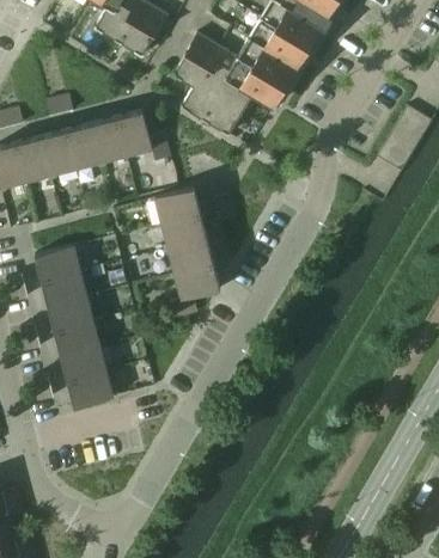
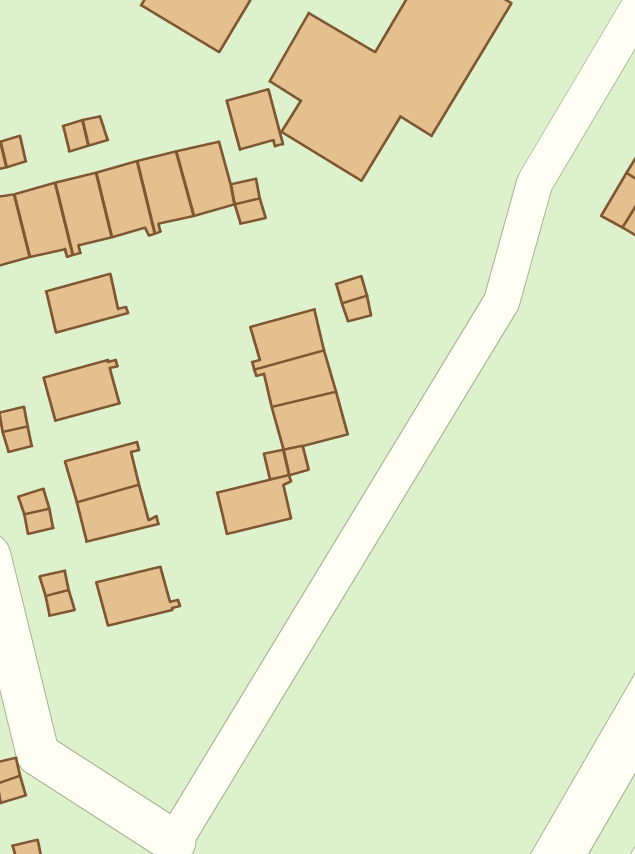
building: none -> [227,89,283,150]
building: [151,188,201,225] -> none
building: [42,271,92,307] -> [46,274,128,332]
building: [61,345,106,381] -> [217,475,291,534]

